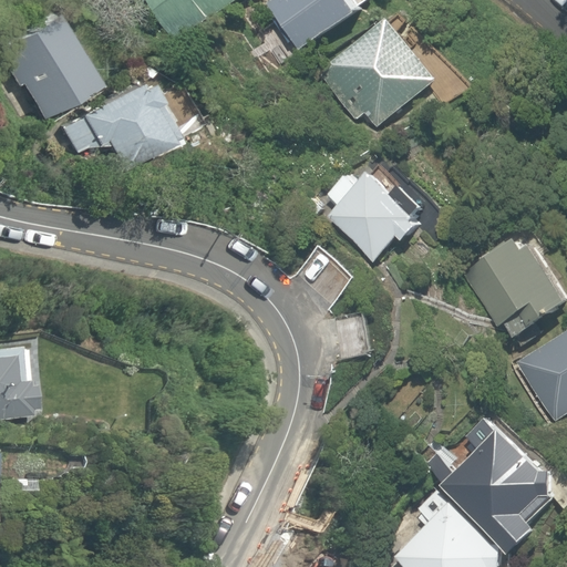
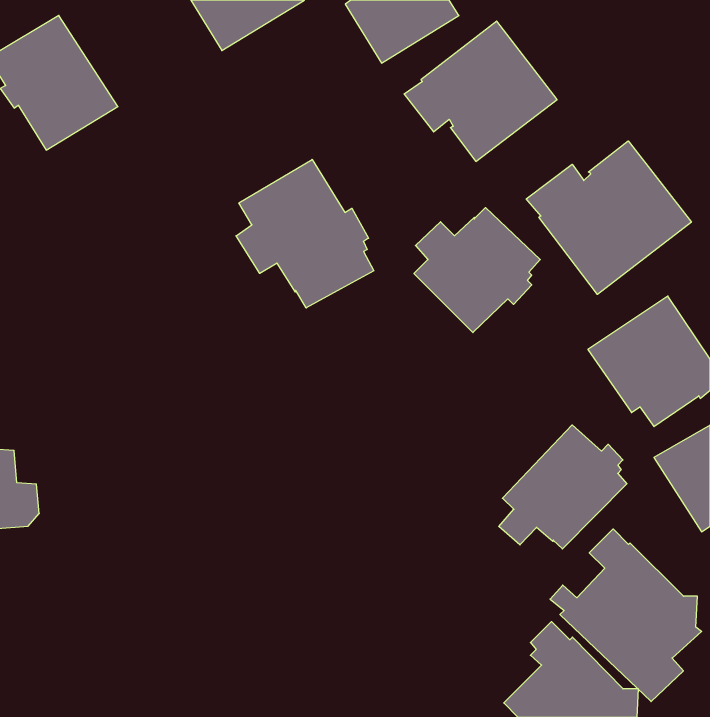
building: [53,81,167,168] -> none
building: none -> [526,141,691,294]
building: none -> [236,159,374,308]
building: none -> [499,425,627,549]

